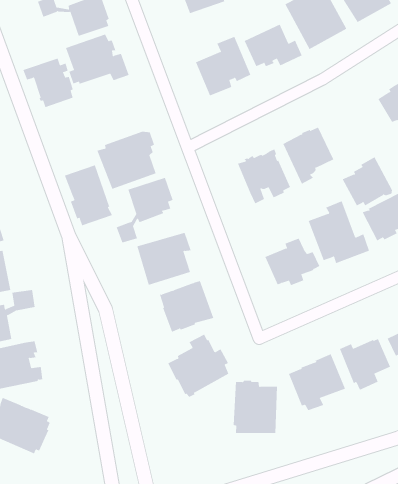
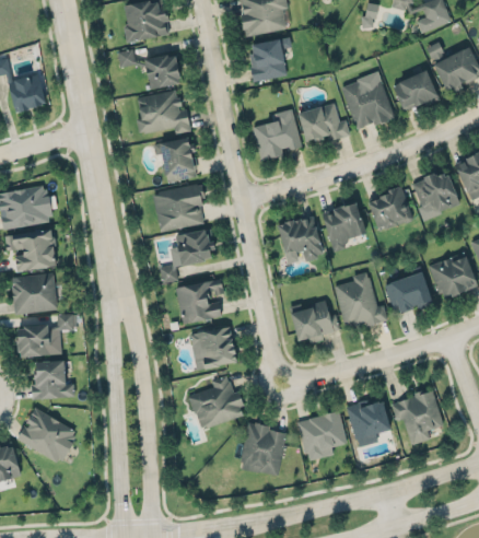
building: [23,58,74,108] -> [153,138,197,182]
building: [342,157,393,206] -> [369,185,413,229]
building: [64,164,113,226] -> none

